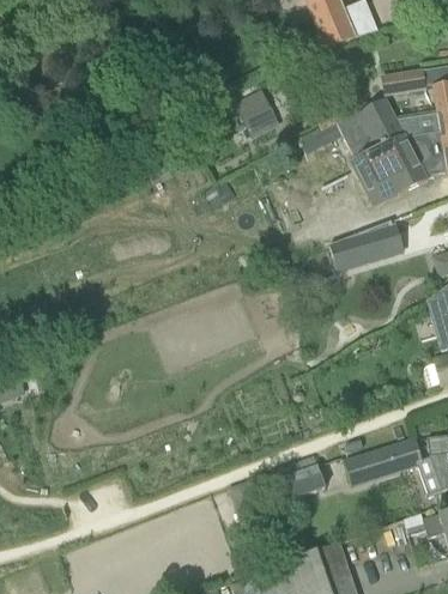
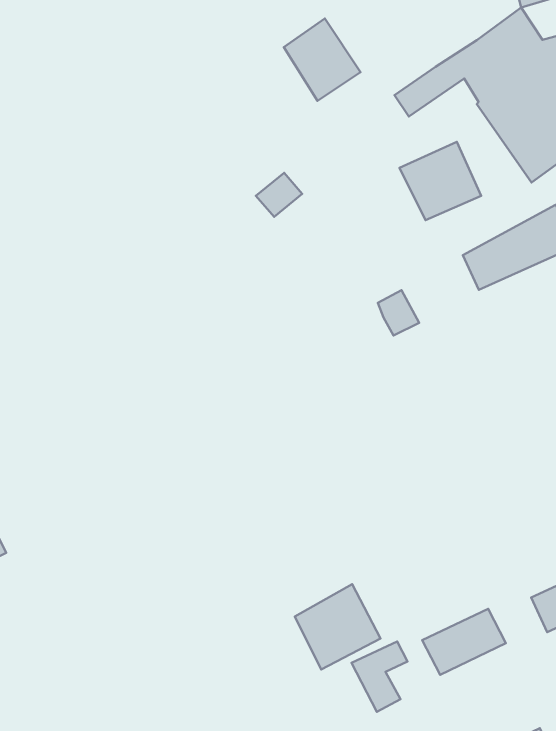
building: none -> [400,142,481,220]
building: none -> [295,584,380,669]

